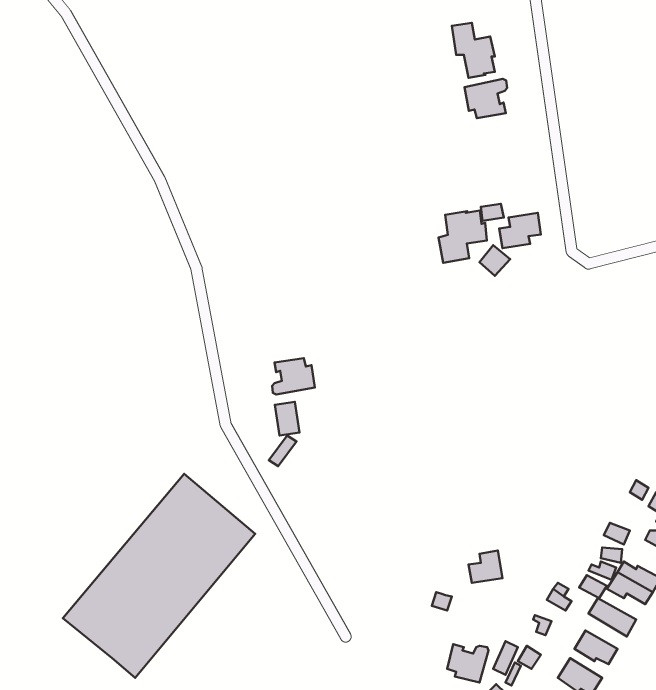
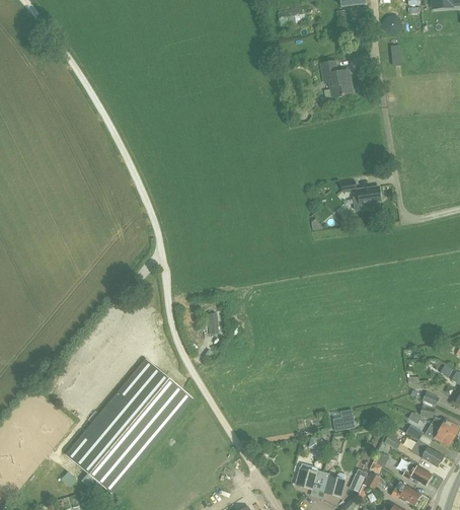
building: [465,79,507,118] -> none
building: [438,210,487,263] -> none
building: [272,358,315,394] -> none
building: none -> [295,462,322,488]

